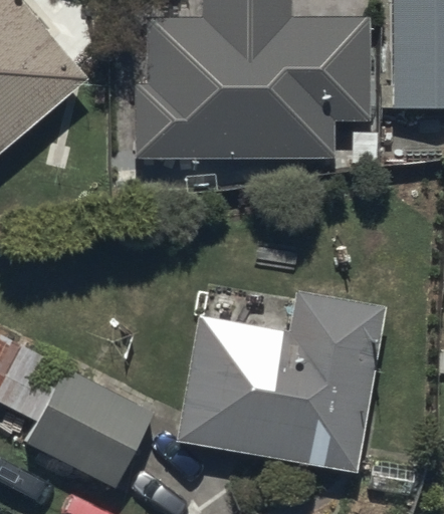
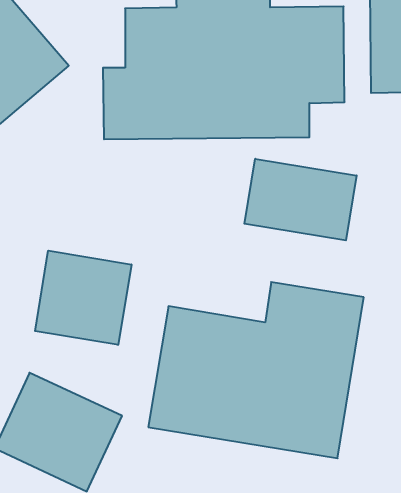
building: none -> [244,159,357,240]
building: none -> [35,251,131,345]

